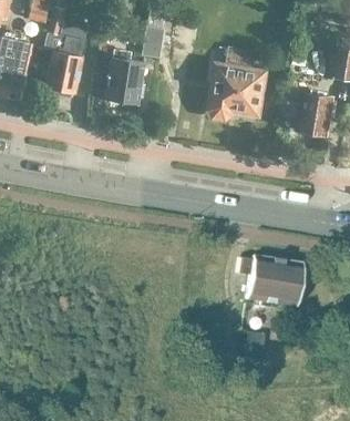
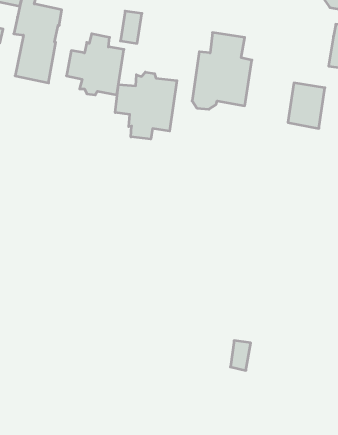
building: none -> [115,72,177,139]
building: [238,256,301,309] -> none

